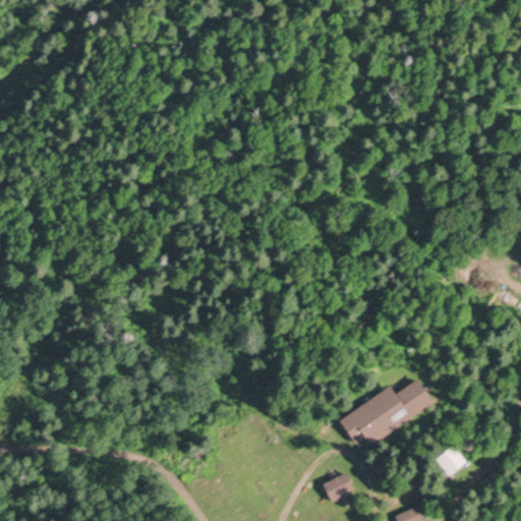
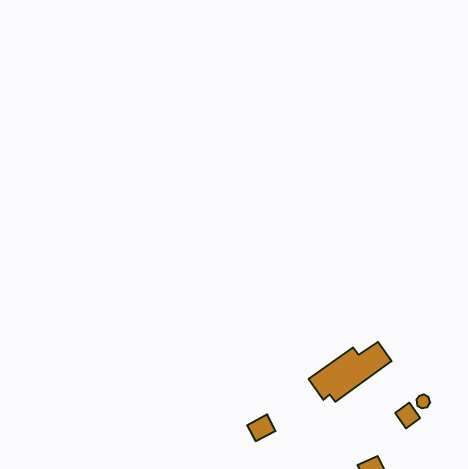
building: [323,473,354,503] -> [247,414,276,441]

